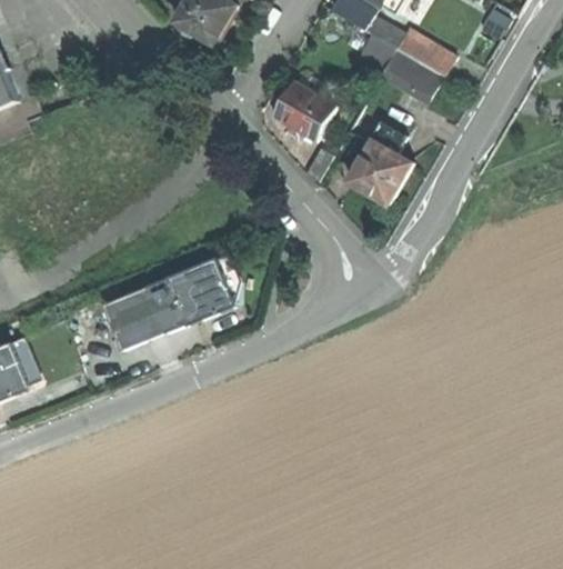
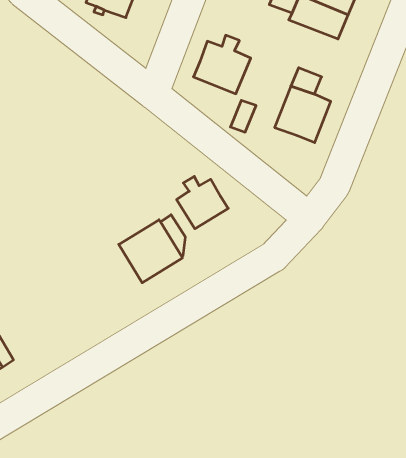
building: none -> [177,176,228,229]
building: [102,277,185,349] -> none

